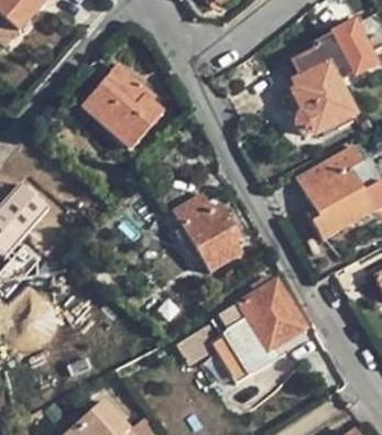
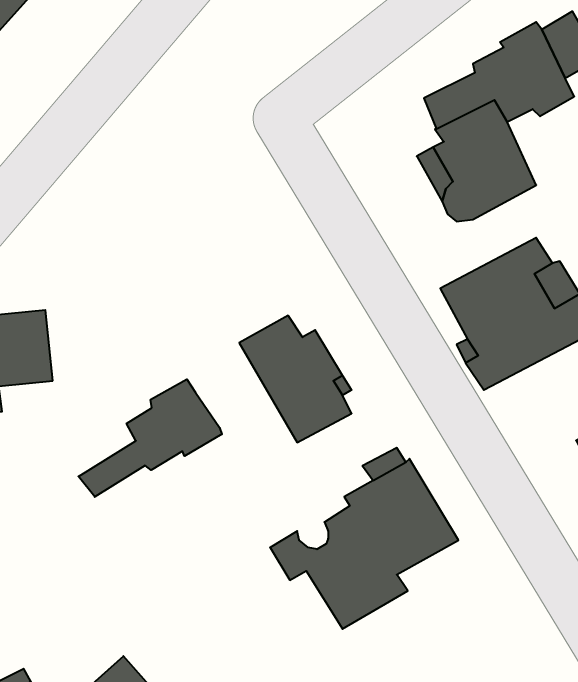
building: [81,65,162,148] -> none
building: none -> [78,379,222,497]

